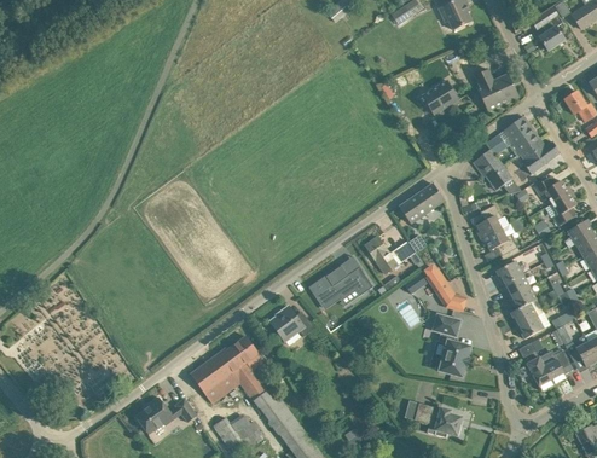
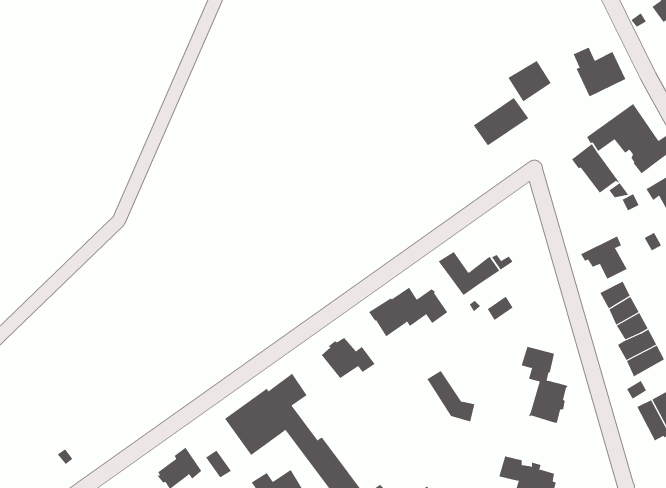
building: [398,182,444,222] -> [473,97,529,146]
building: [475,203,509,238] -> none
building: [425,268,465,311] -> [426,370,475,422]

